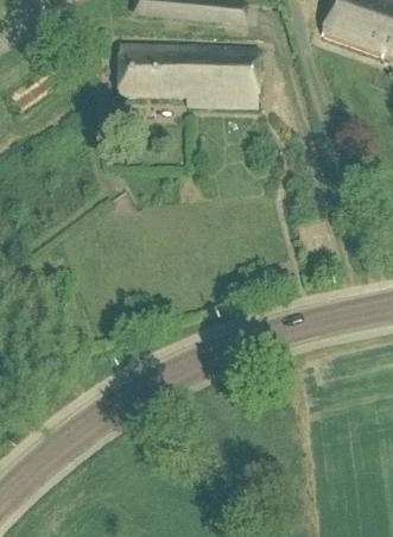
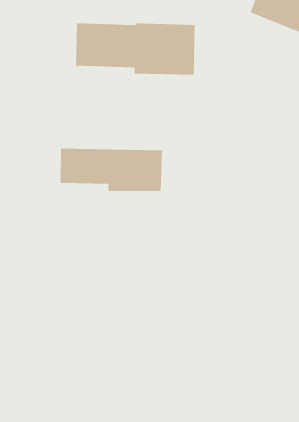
building: none -> [60,148,162,192]

